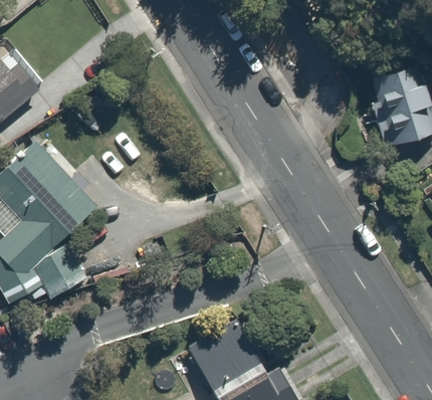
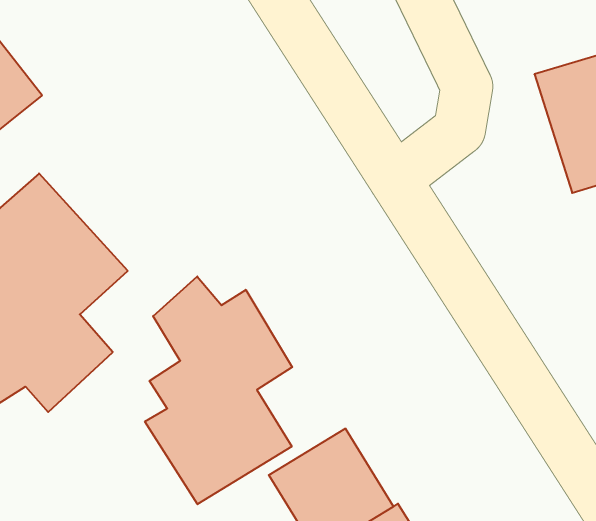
building: none -> [145,276,292,504]

